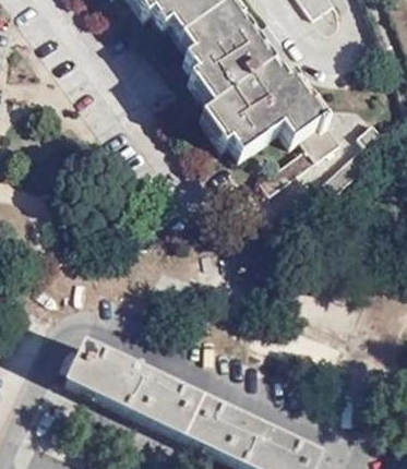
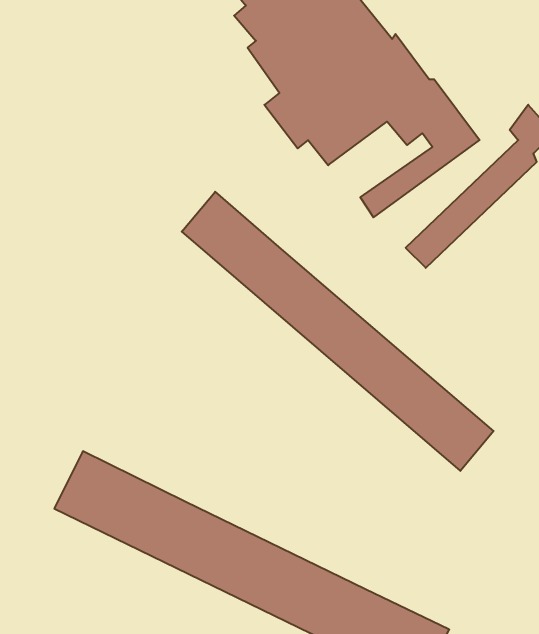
building: none -> [182,192,494,471]

